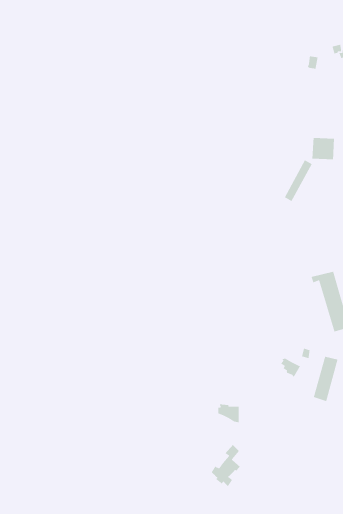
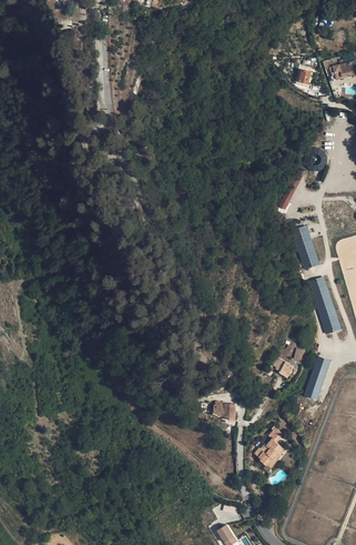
building: none -> [291,225,318,270]
building: [211,444,241,487] -> [254,427,283,468]

